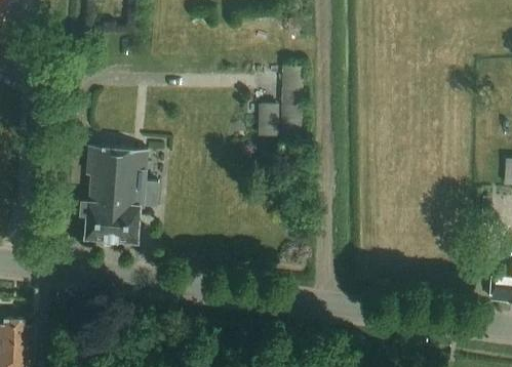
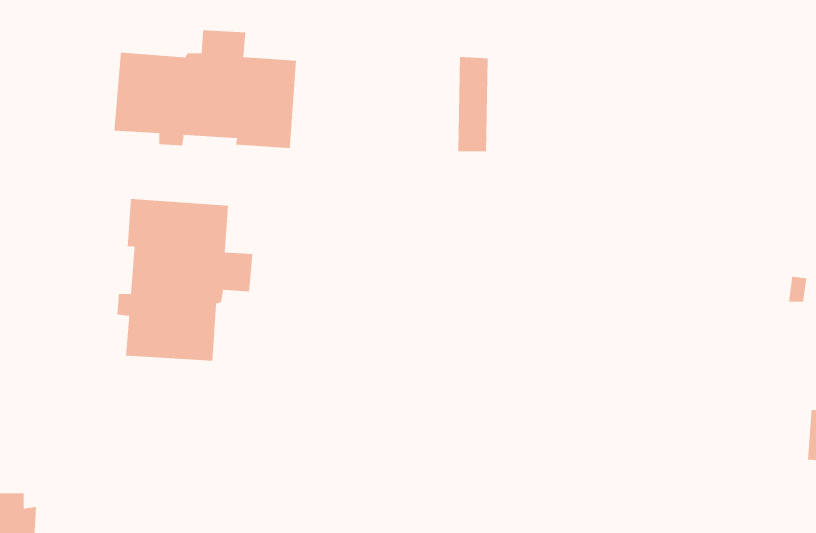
building: none -> [114,29,296,149]
building: [254,107,275,138] -> none

